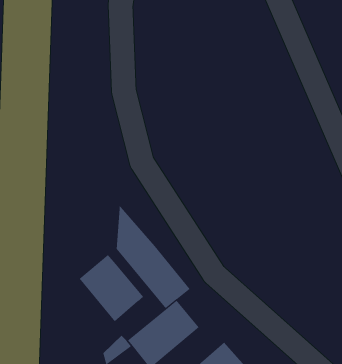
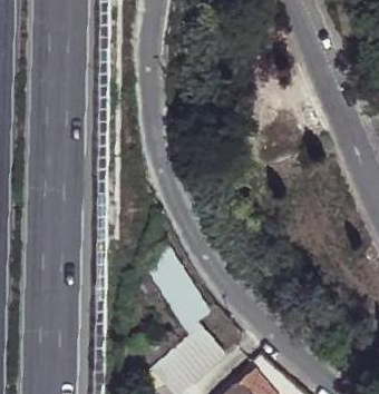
building: [79,254,144,322] -> none

